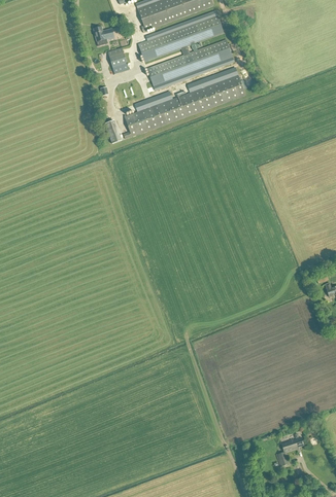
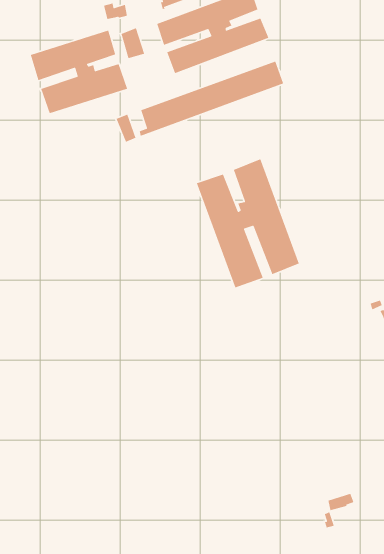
building: none -> [30,29,128,114]
building: none -> [196,158,300,288]

